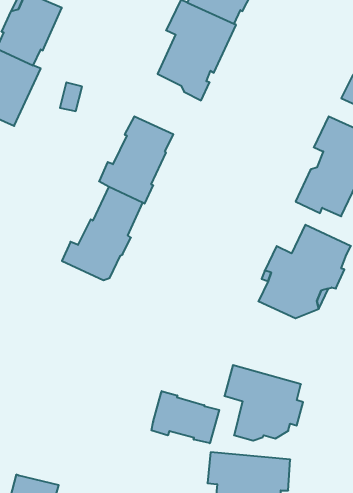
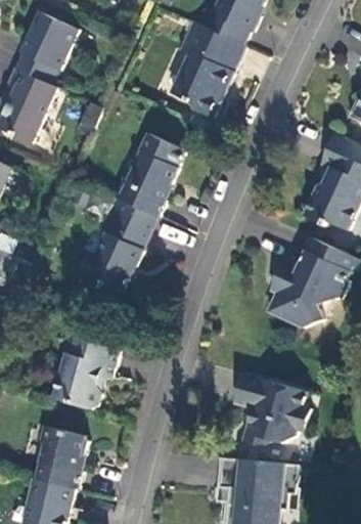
building: none -> [53,338,120,408]
building: [151,391,219,443] -> none
building: none -> [37,425,90,489]

